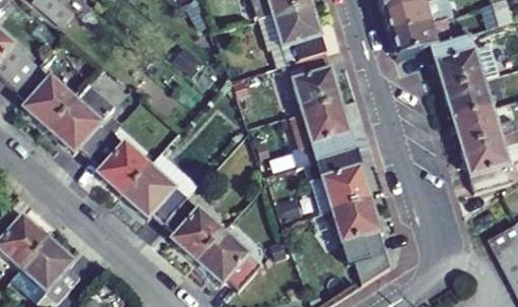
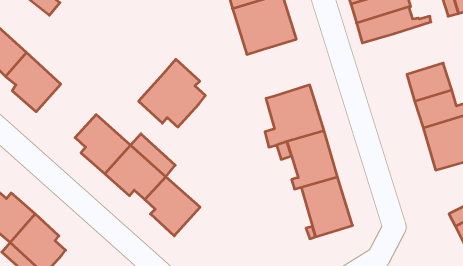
building: [431,33,498,88] -> none
building: [286,51,340,112] -> none
building: [49,83,120,156] -> [139,59,205,127]
building: [196,230,261,288] -> none

